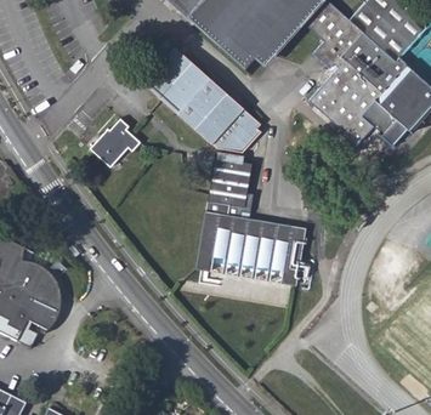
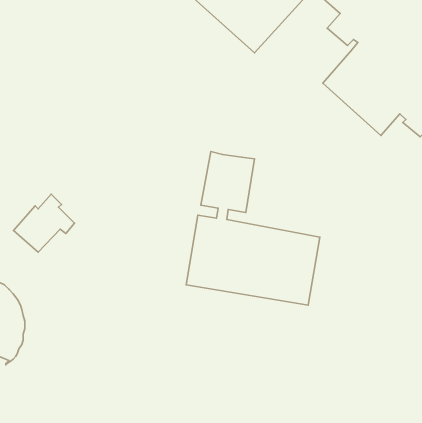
building: [135,38,261,150] -> none
building: [90,116,141,165] -> [13,194,75,252]

